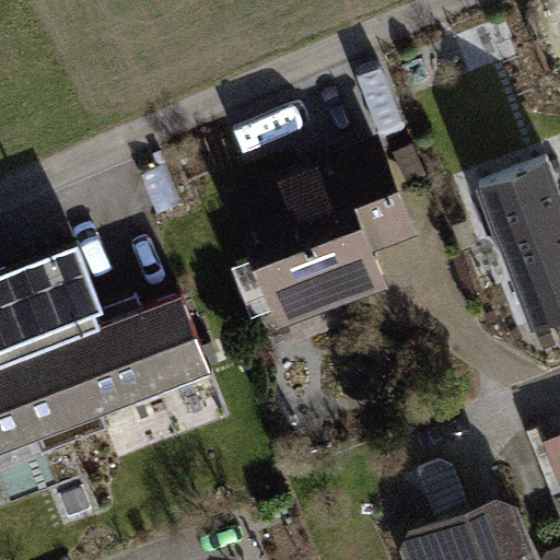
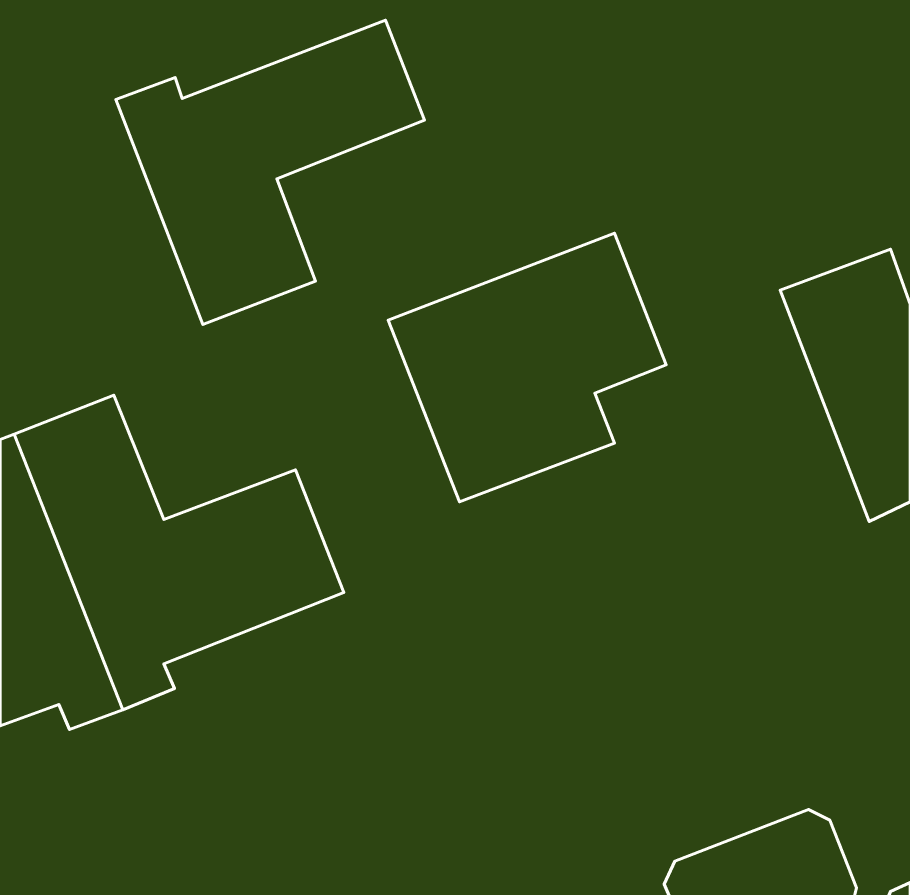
building: none -> [116,20,425,325]

